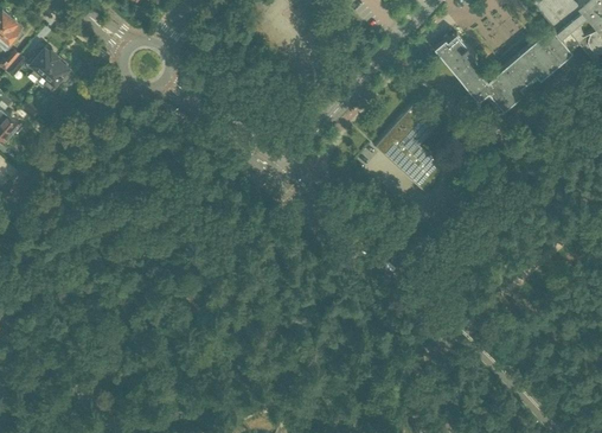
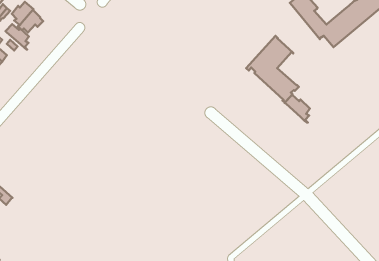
building: none -> [5,24,29,49]
building: none -> [285,95,310,123]

